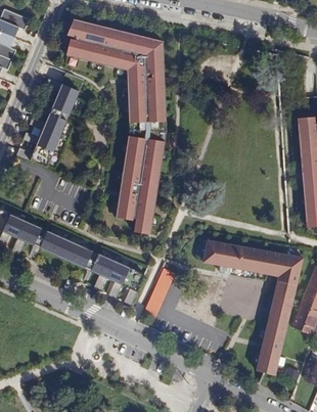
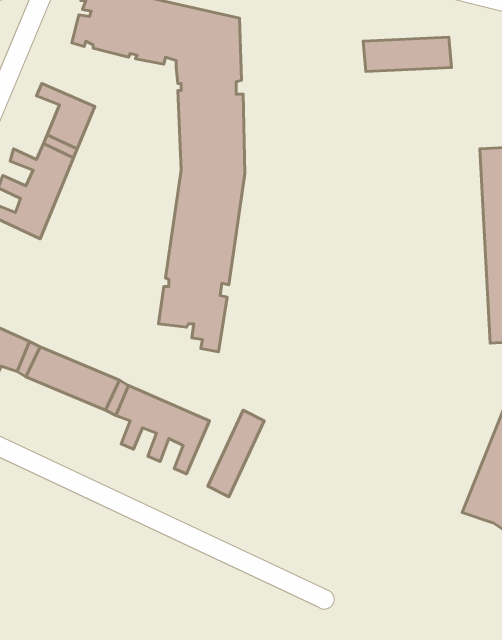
building: none -> [363,37,451,72]
building: [201,239,304,374] -> none

